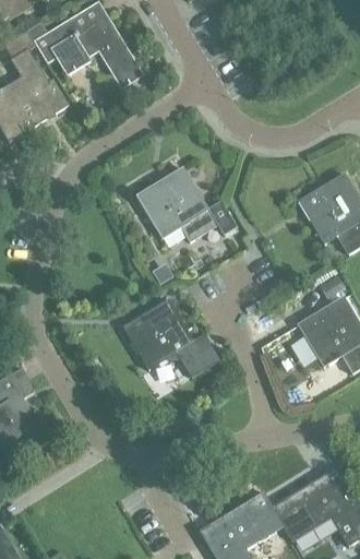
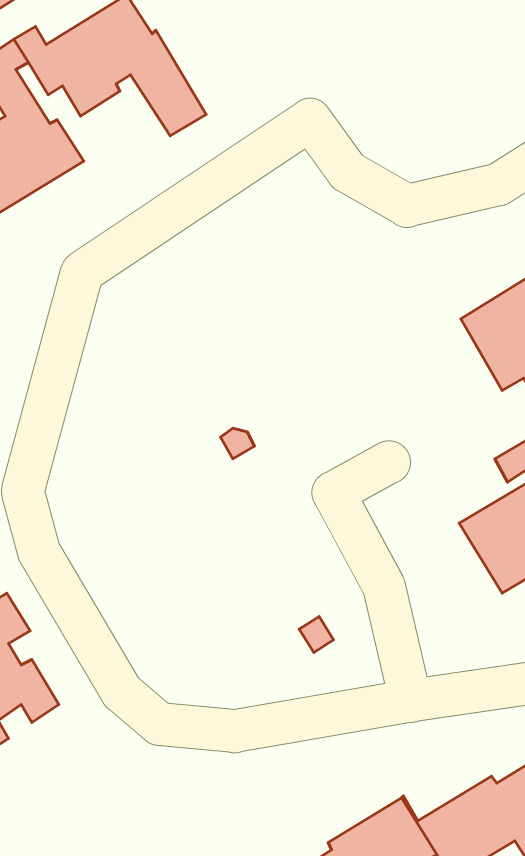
building: [136,166,238,241] -> none
building: [122,297,221,378] -> none

